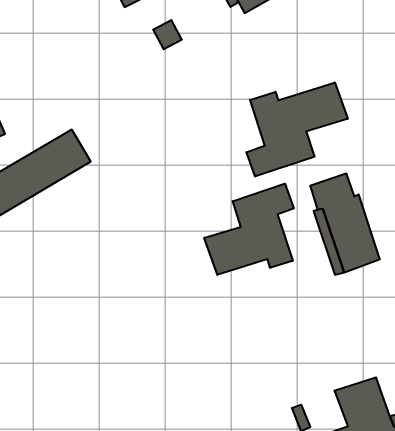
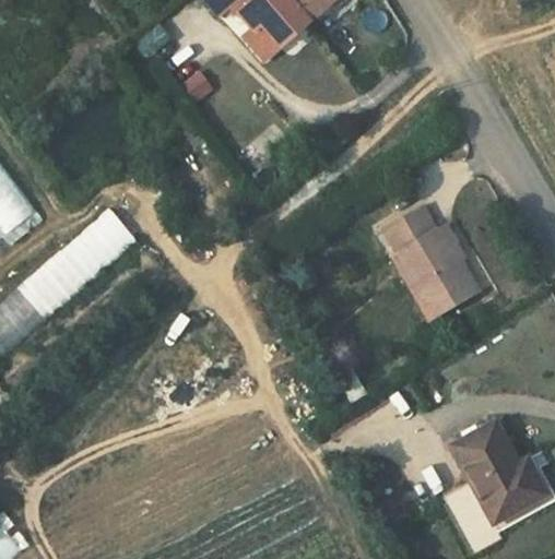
building: [246,82,348,177] -> none
building: [204,184,294,275] -> none

